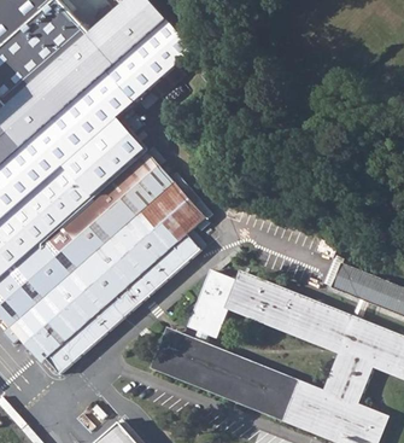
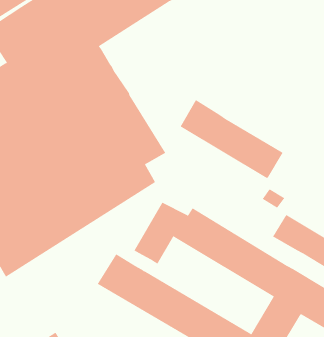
building: none -> [180,99,283,179]

